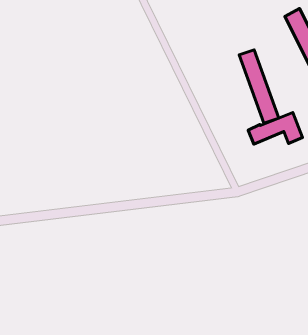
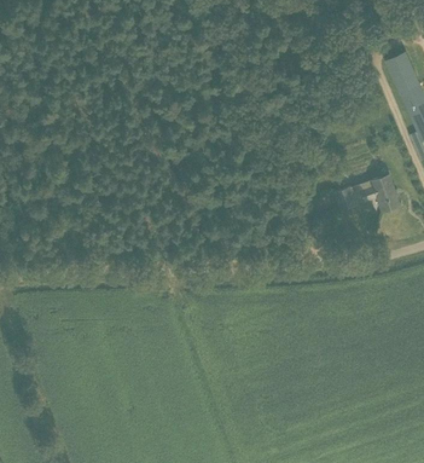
building: [239,50,279,123] -> none

